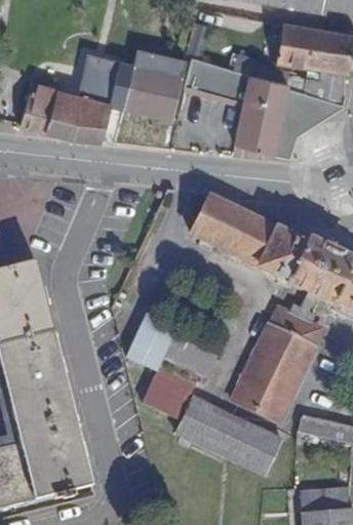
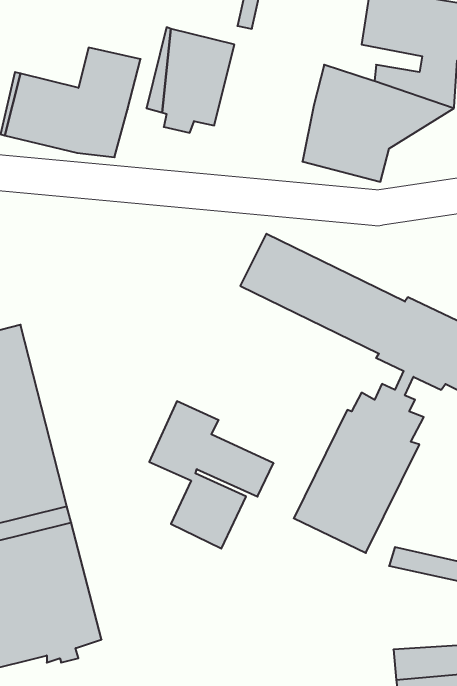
building: [185,55,250,104] -> none
building: [176,398,281,473] -> none

